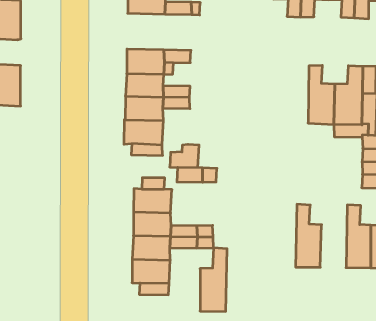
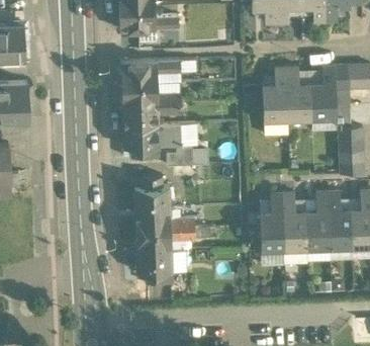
building: none -> [263,68,289,120]
building: none -> [159,123,182,146]
building: none -> [306,191,331,249]
building: [200,248,227,311] -> [260,193,285,251]

